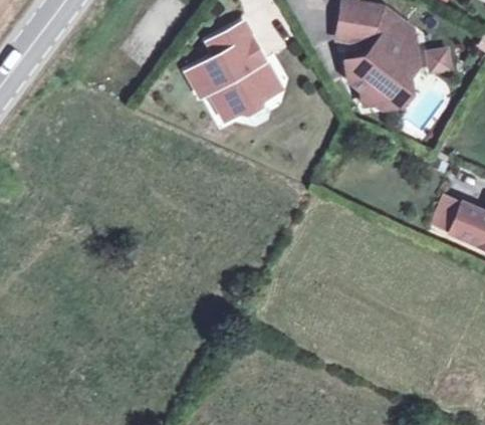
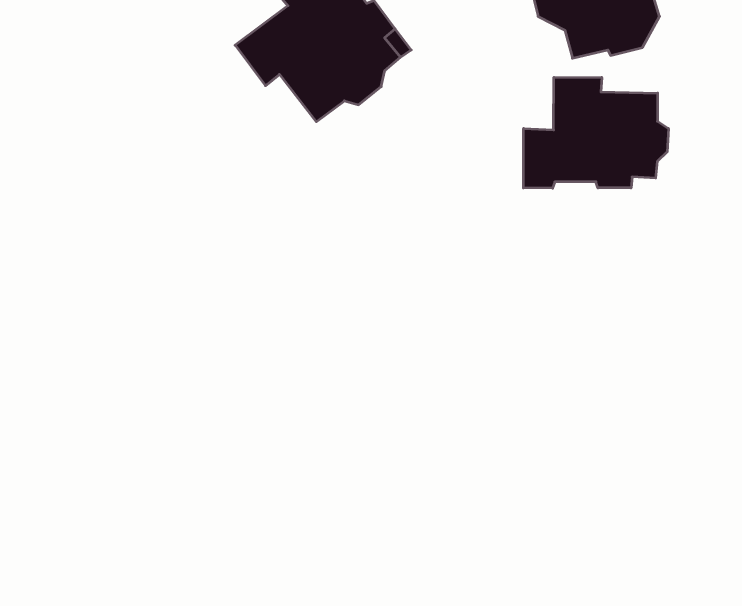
building: none -> [523,77,668,188]

